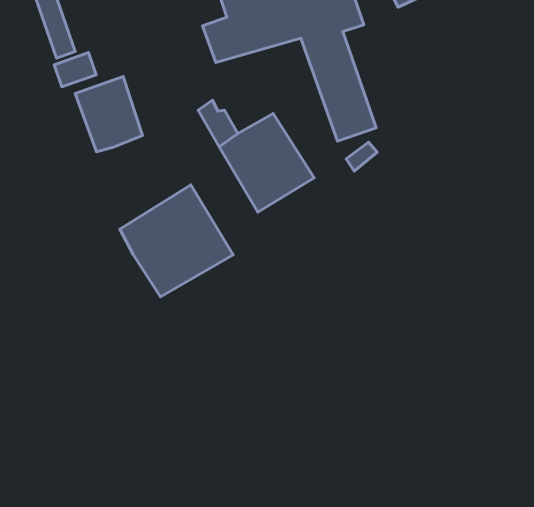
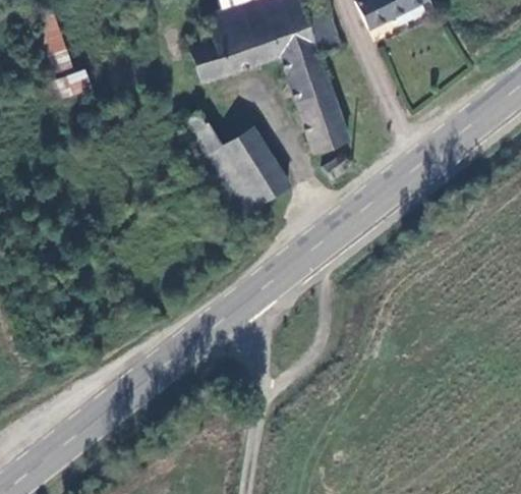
building: [75,77,143,152] -> none
building: [120,185,233,297] -> none

